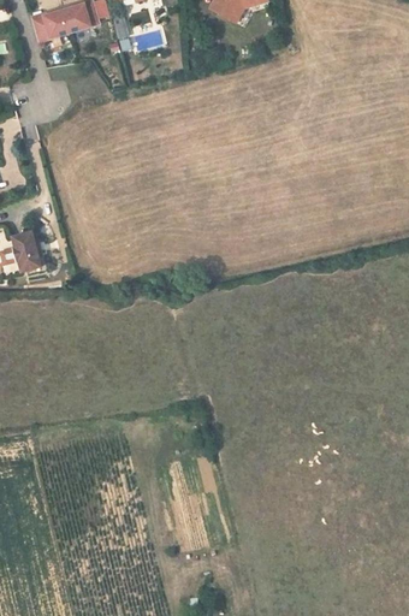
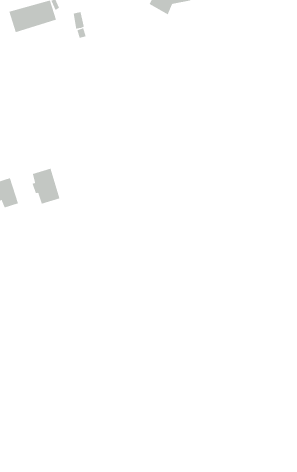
building: none -> [32,168,60,205]

